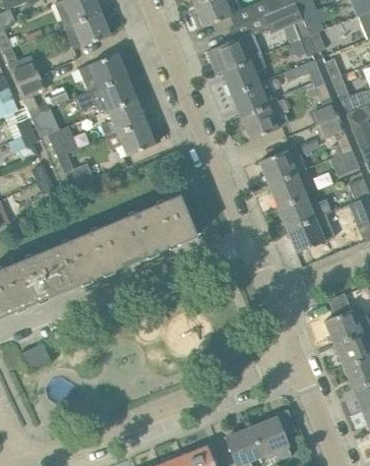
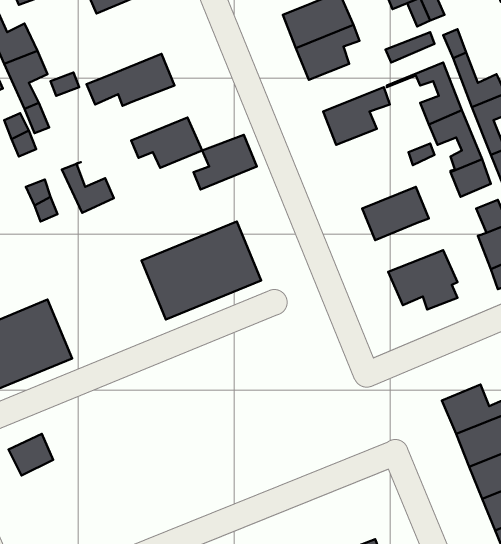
building: [78,52,127,92] -> none
building: [231,82,268,116] -> none
building: [101,98,145,136] -> [193,135,257,190]
building: [48,125,78,157] -> none
building: [259,145,306,184] -> none
building: [278,194,332,229] -> none
building: [47,221,130,290] -> none

